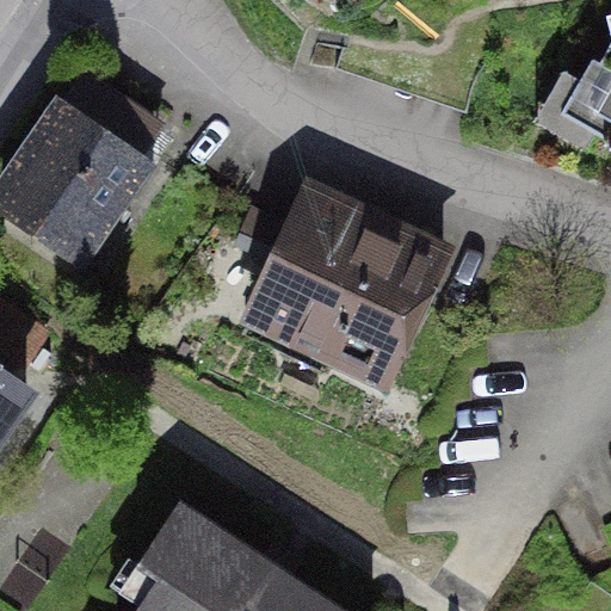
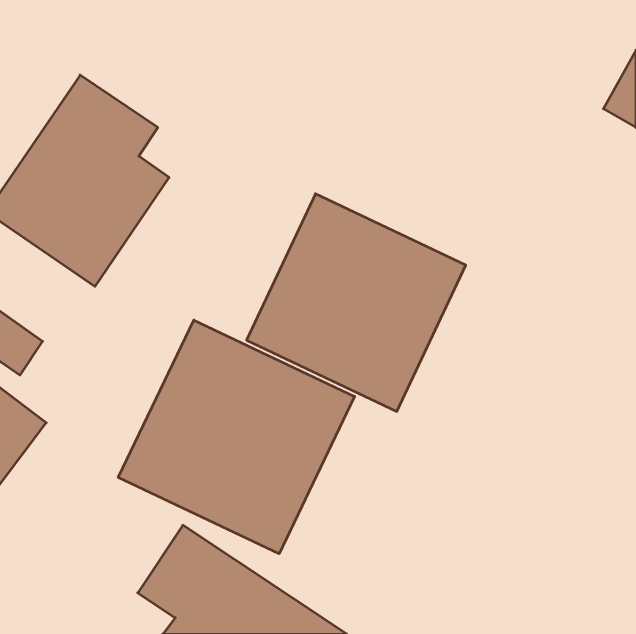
building: none -> [118,320,355,554]

